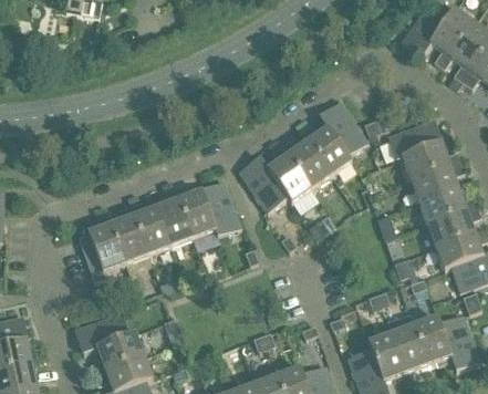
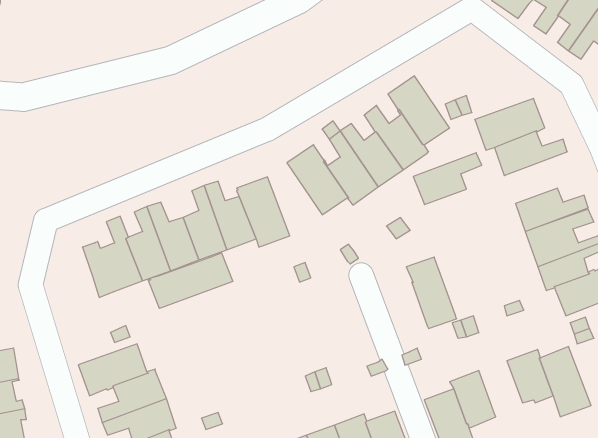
building: [412,162,466,203] -> [413,153,482,205]
building: none -> [148,253,233,308]
building: [387,314,427,371] -> [406,257,457,329]

